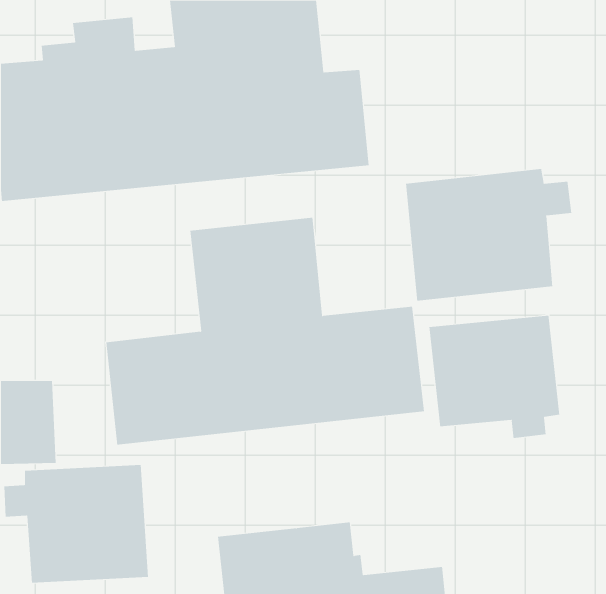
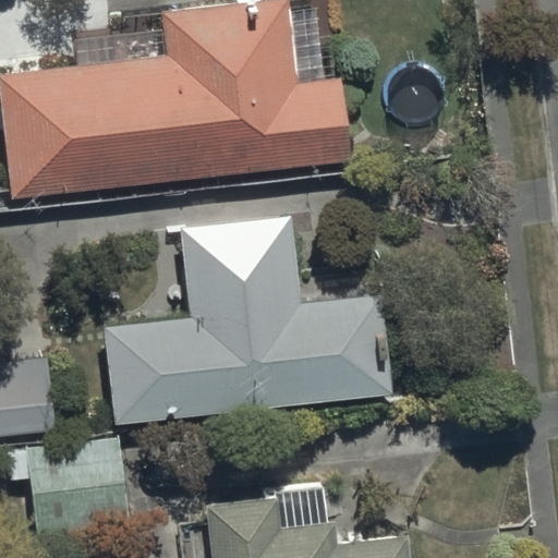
building: [406,168,572,302] -> none
building: [429,315,560,439] -> none

